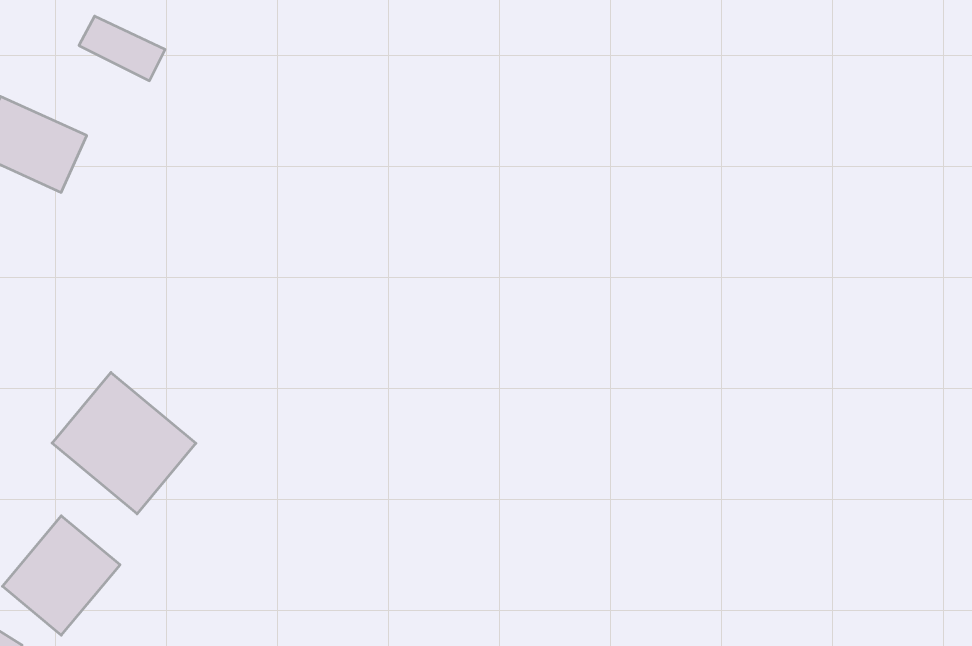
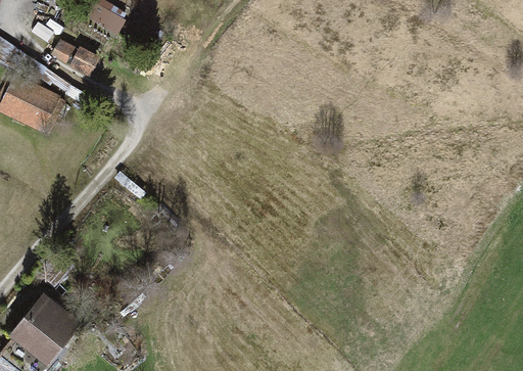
building: [52,372,196,514] -> none

